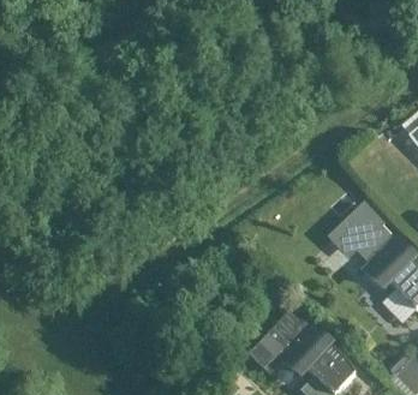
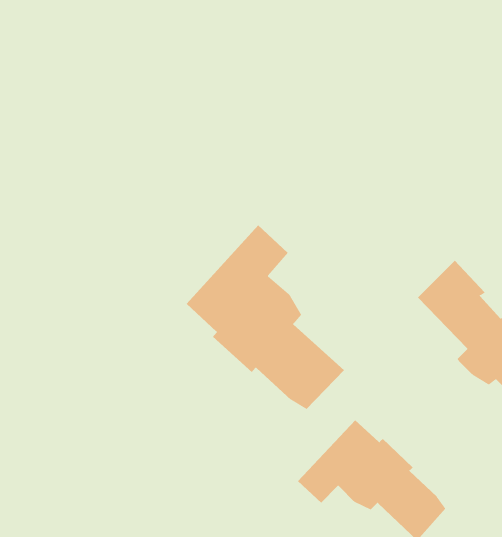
building: none -> [186,225,345,410]

